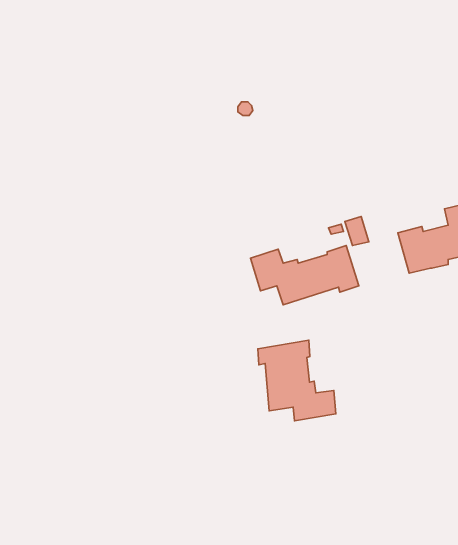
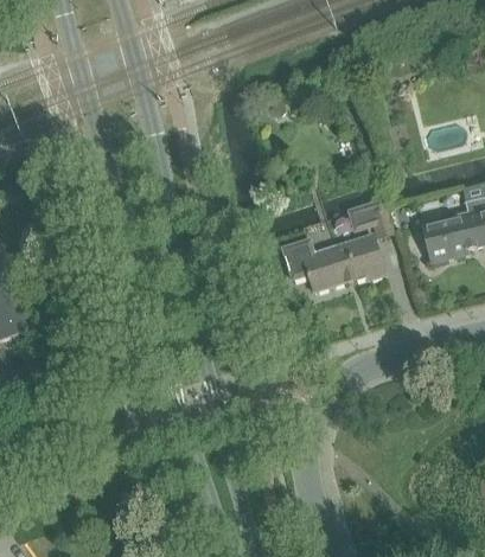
building: [258,340,336,421] -> none

